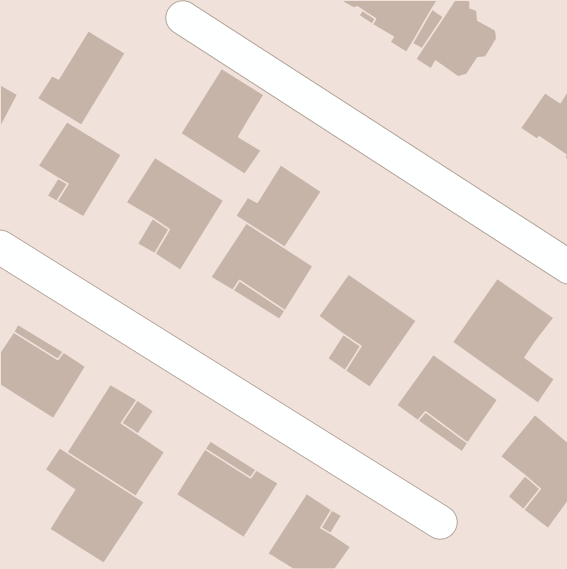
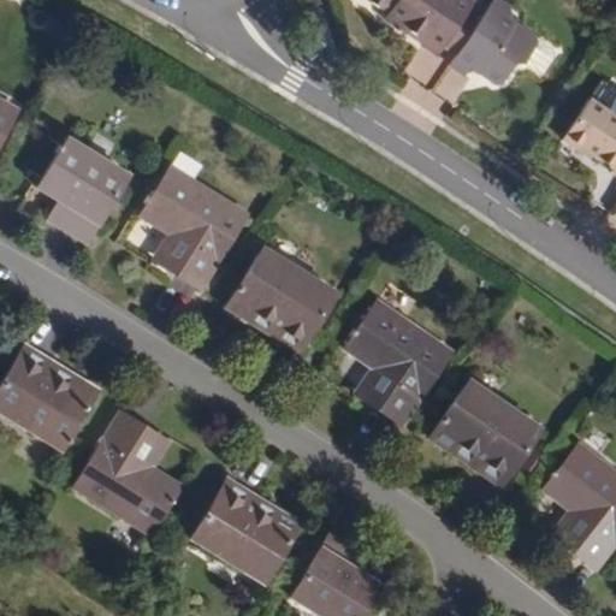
building: [37,31,125,126] -> none
building: [180,68,264,175] -> none
building: [236,164,321,248] -> none
building: [452,278,555,404] -> none
building: [45,447,145,564] -> none

